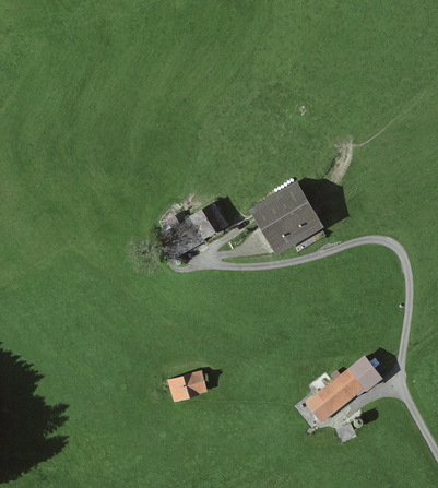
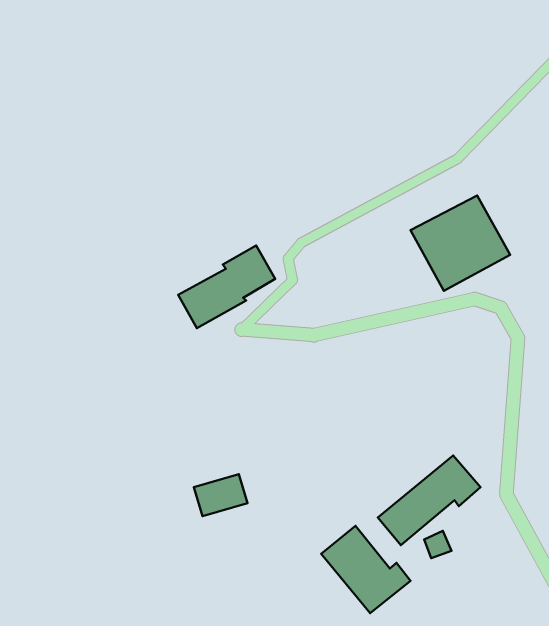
building: [251,179,327,251] -> [410,195,510,291]
building: none -> [321,526,410,613]

